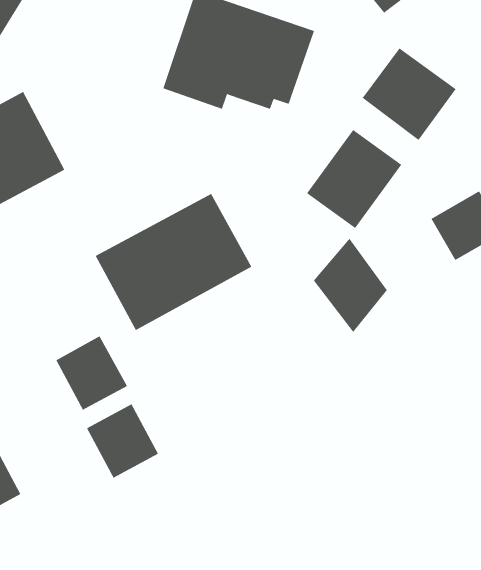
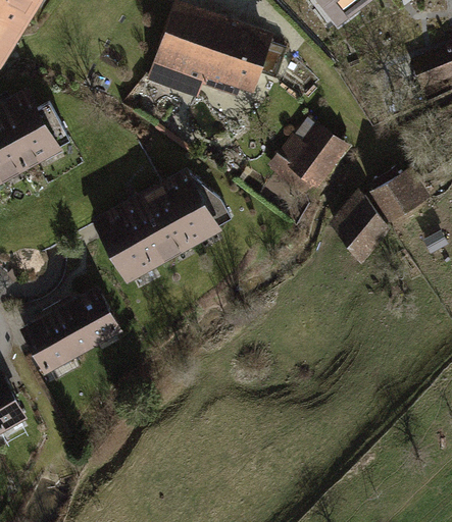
building: [362,48,457,141] -> none
building: [313,237,388,333] -> [328,188,390,267]
building: [86,403,159,478] -> [20,307,81,369]

